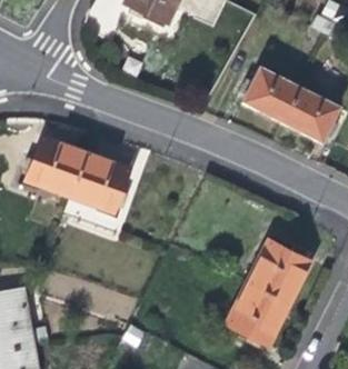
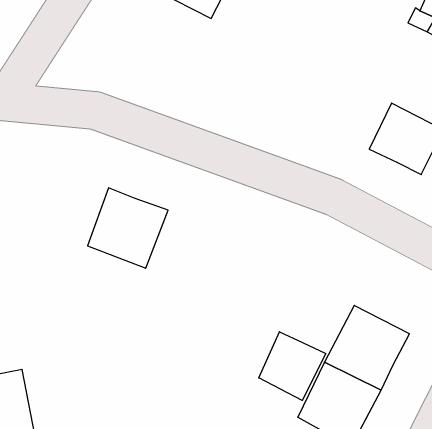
building: [241,68,299,122] -> none
building: [28,136,88,195] -> none
building: none -> [259,332,326,400]

